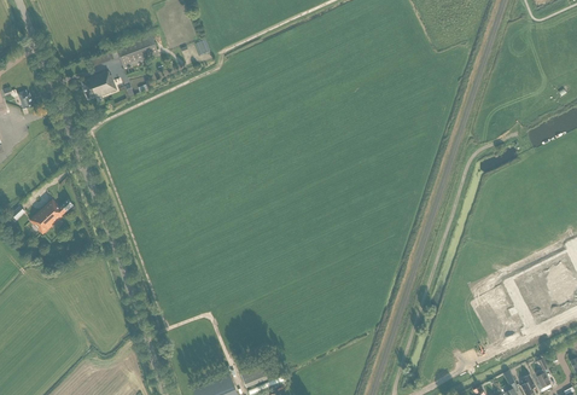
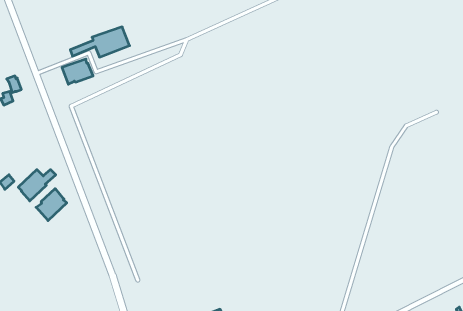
building: none -> [36,189,67,221]

